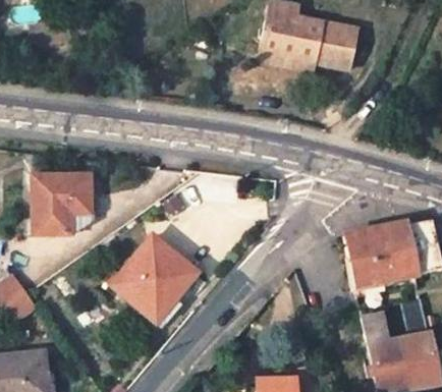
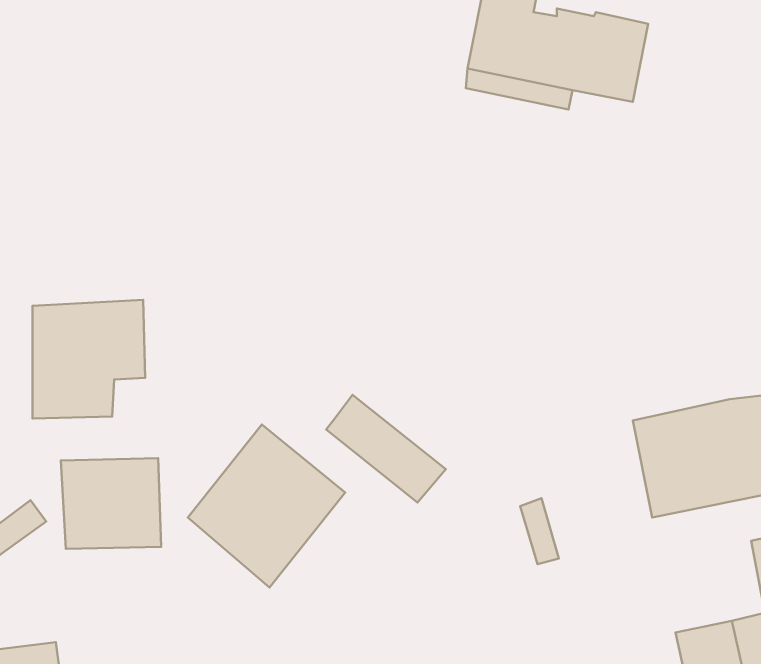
building: none -> [326,395,446,503]
building: none -> [61,458,161,549]
building: [361,304,389,346] -> none

